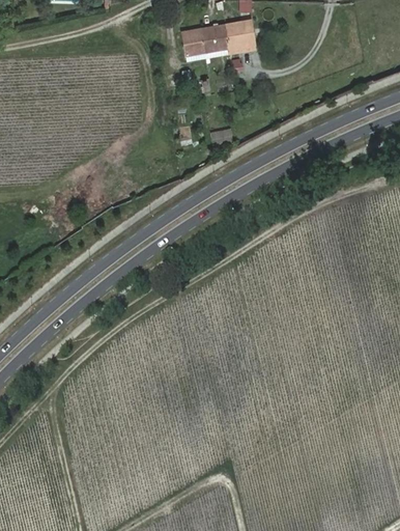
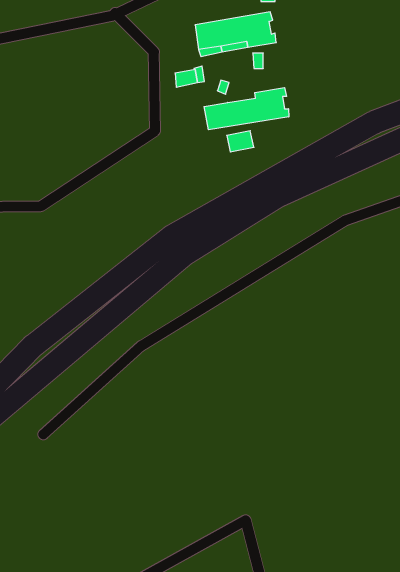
building: none -> [204,88,289,130]

